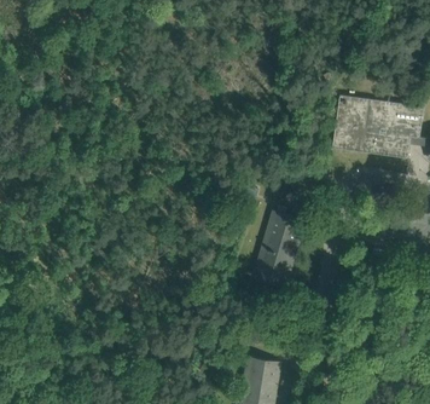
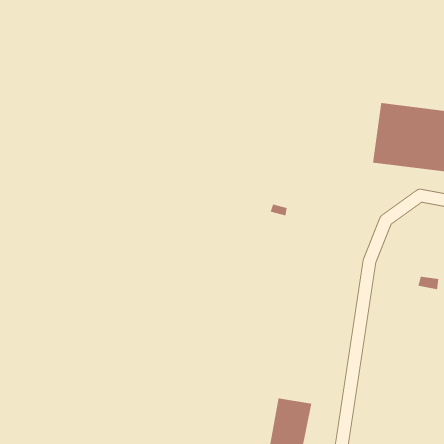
building: [255,210,304,285] -> none

